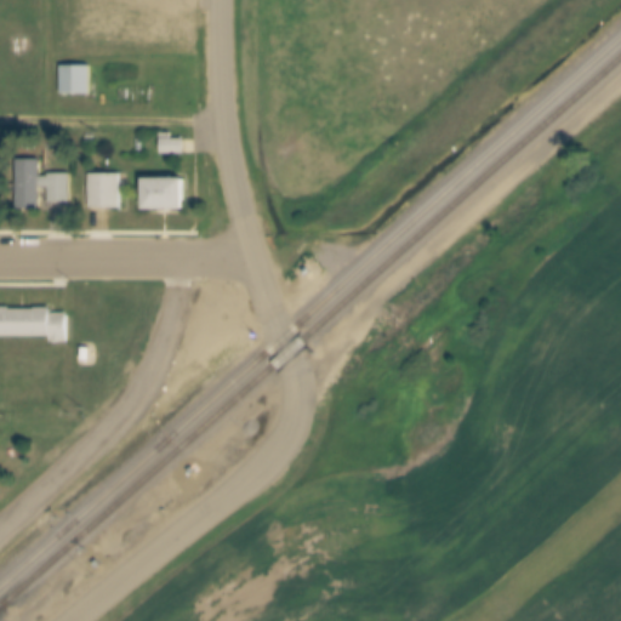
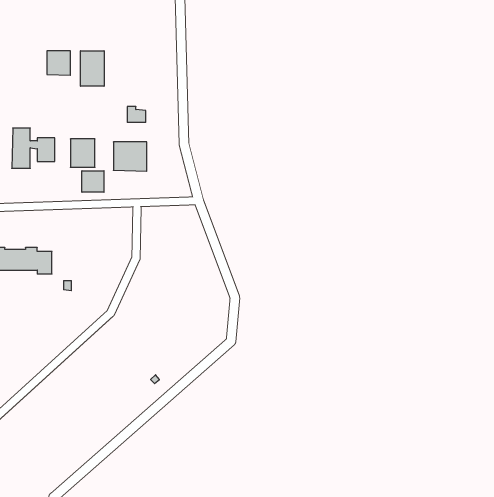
building: none -> [81,51,104,86]
building: none -> [82,171,104,192]

